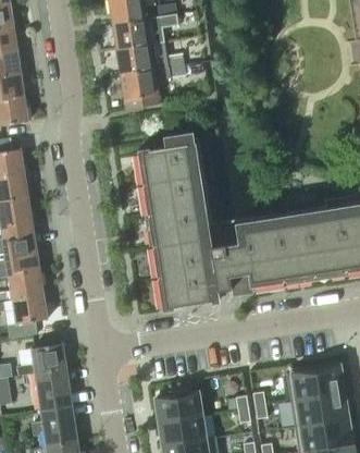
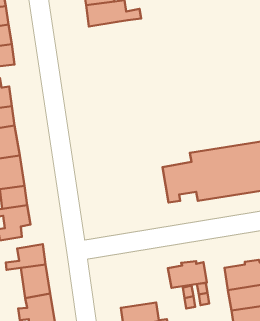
building: [120,69,160,108] -> none
building: [135,138,212,309] -> none
building: [154,388,202,420] -> [168,261,207,288]

